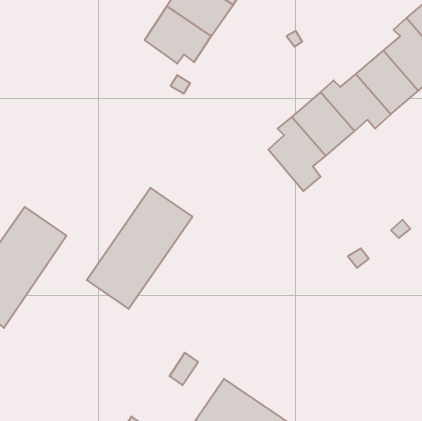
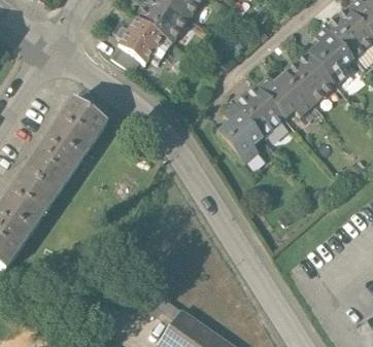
building: [87,188,192,309] -> [24,102,107,198]

